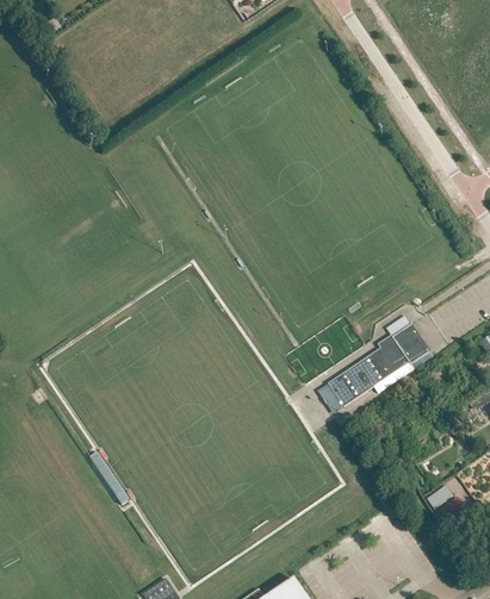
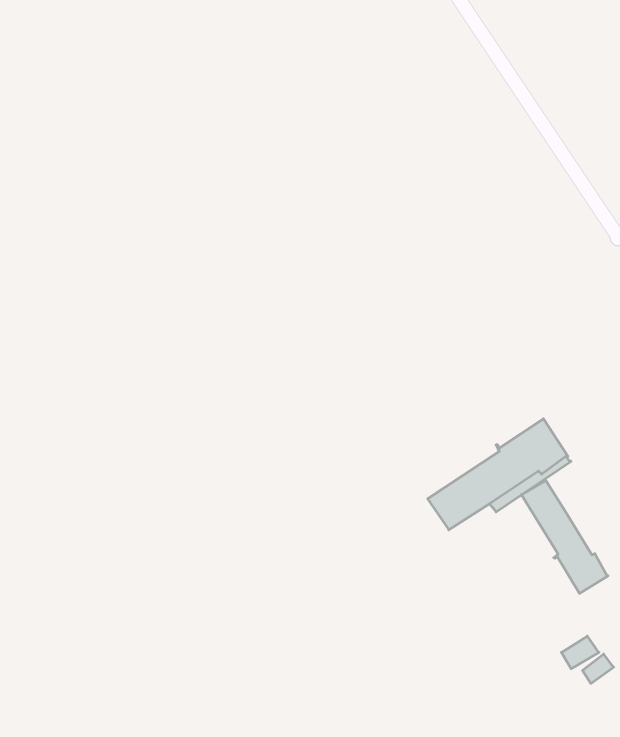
building: none -> [521,481,608,593]

